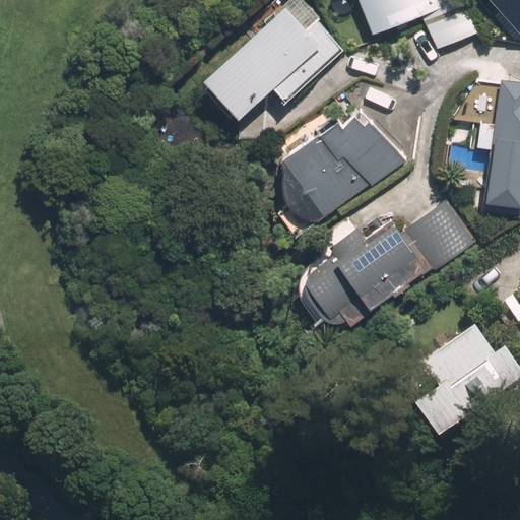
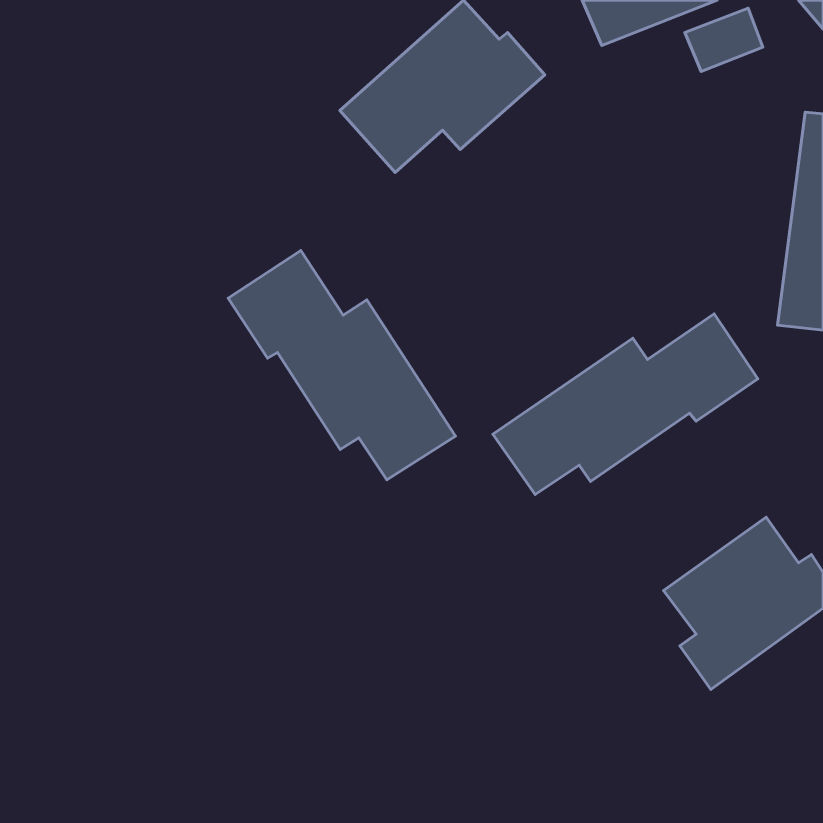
building: [278,119,405,222] -> none
building: none -> [228,250,456,480]

